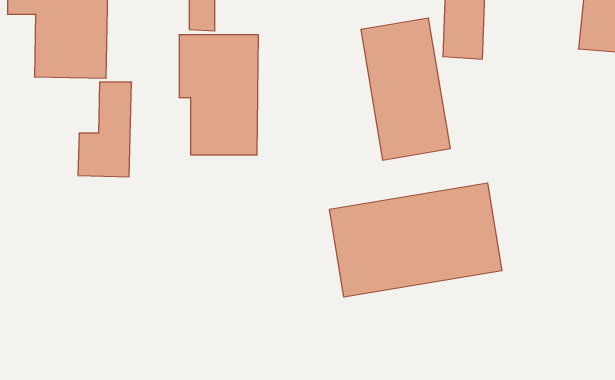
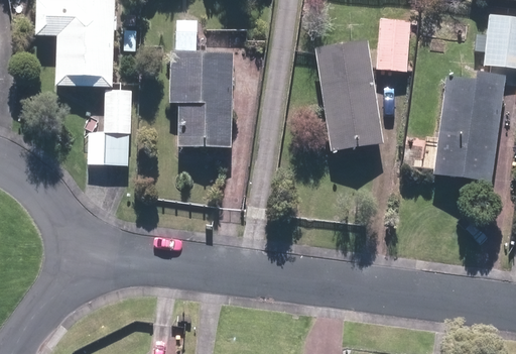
building: none -> [432,74,503,183]
building: [329,183,502,297] -> none

